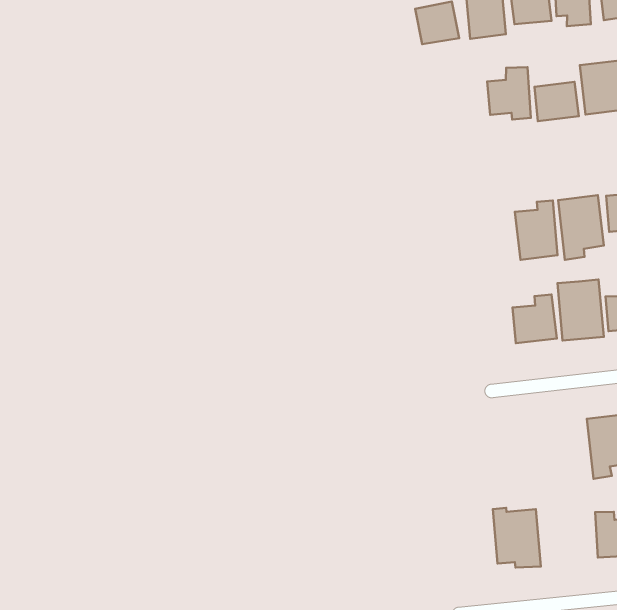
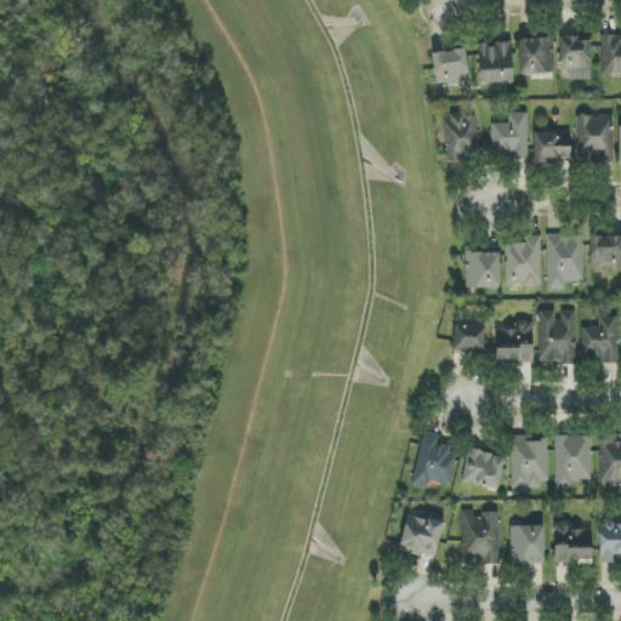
building: none -> [441,112,482,159]
building: none -> [465,251,500,287]
building: none -> [454,319,485,351]
building: none -> [511,435,548,489]
building: none -> [411,431,457,489]
building: none -> [462,449,505,489]
building: none -> [398,512,446,559]
building: none -> [509,524,545,563]

